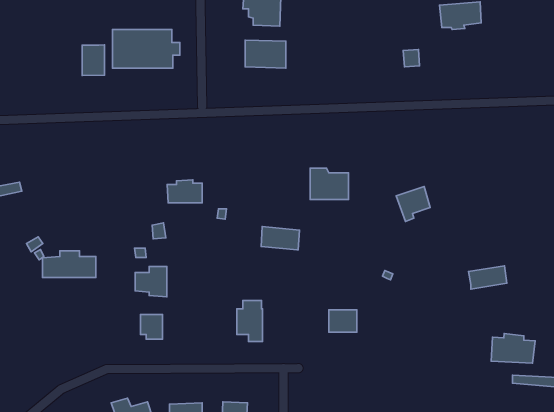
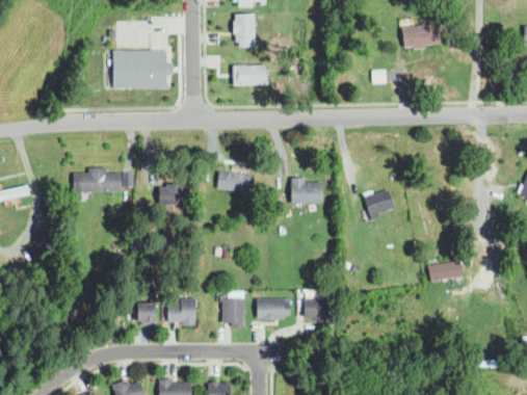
building: [82,45,104,75] -> none
building: [261,227,299,250] -> [217,172,252,192]
building: [42,251,96,277] -> [74,168,122,192]
building: [135,267,167,297] -> [167,299,195,326]
building: none -> [256,299,288,318]
building: [491,333,535,363] -> none

